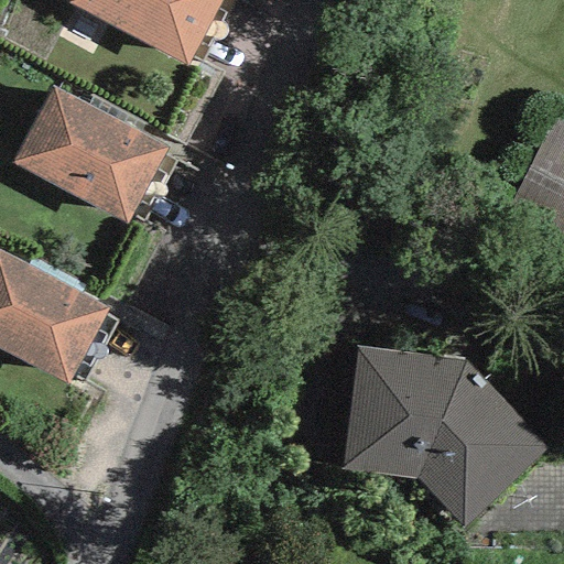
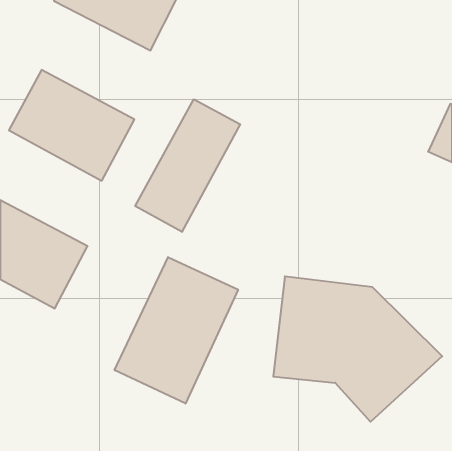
building: none -> [135,99,240,232]
building: none -> [115,257,238,404]

